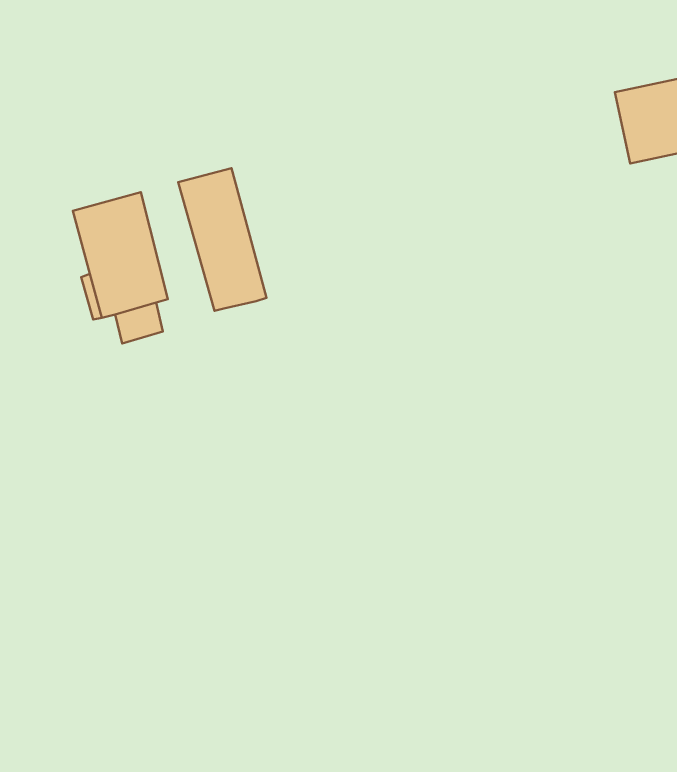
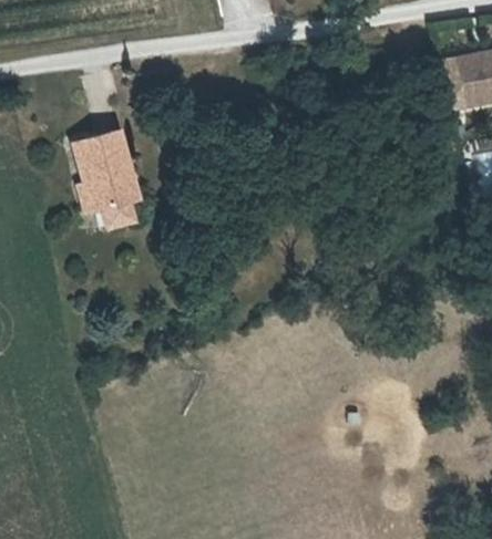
building: [178,168,267,311] -> none

